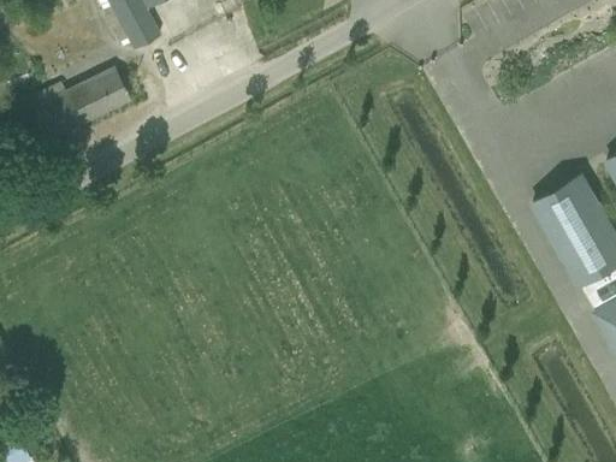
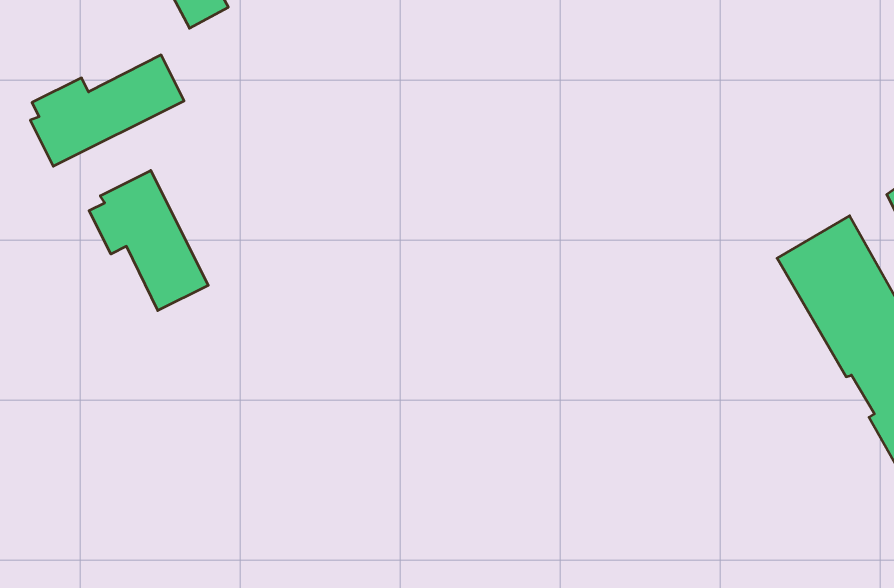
building: none -> [89,170,208,311]

